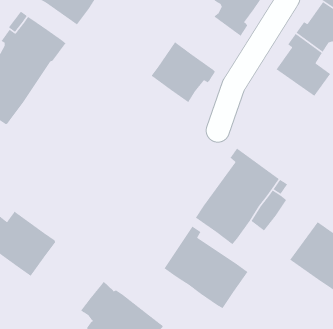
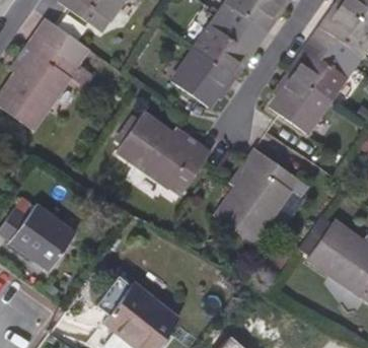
building: none -> [193,20,256,70]
building: none -> [267,69,327,131]
building: none -> [113,109,208,192]
building: [163,225,248,309] -> none

